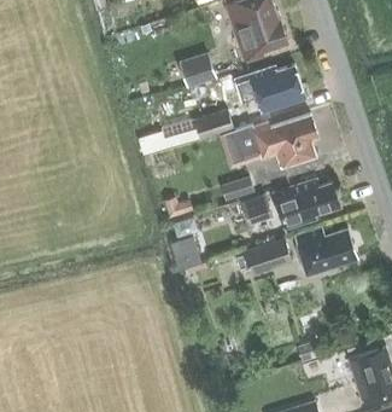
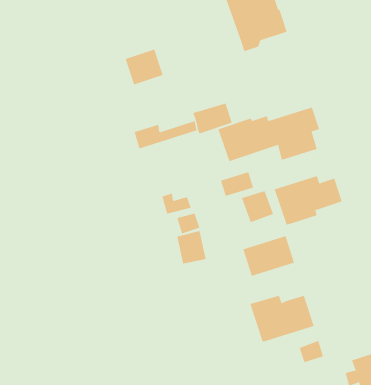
building: [179,53,216,88] -> [125,49,163,85]
building: [234,66,305,114] -> none
building: [293,230,356,275] -> [250,295,315,342]

